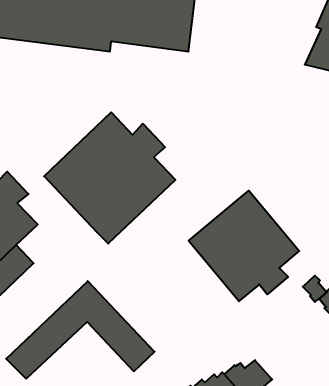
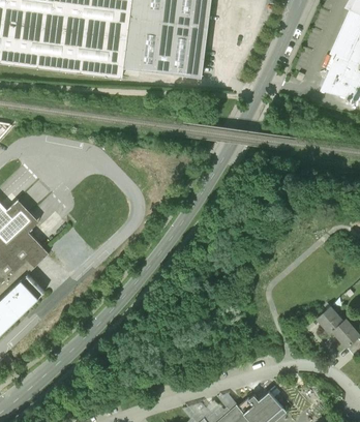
building: [44,112,175,244] -> none
building: [189,191,299,301] -> none
building: [6,281,155,379] -> none

